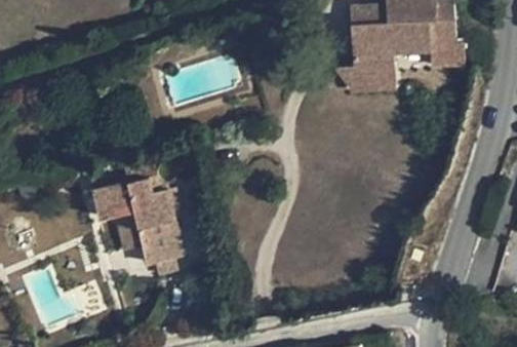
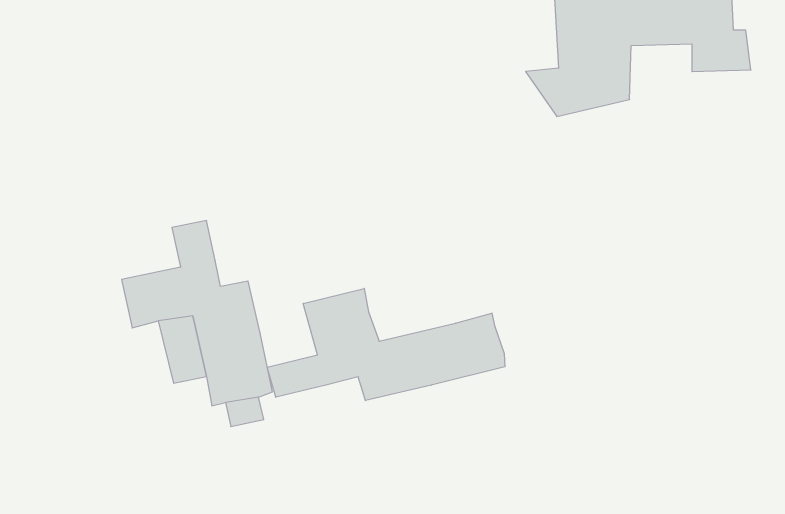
building: none -> [267,288,505,401]

